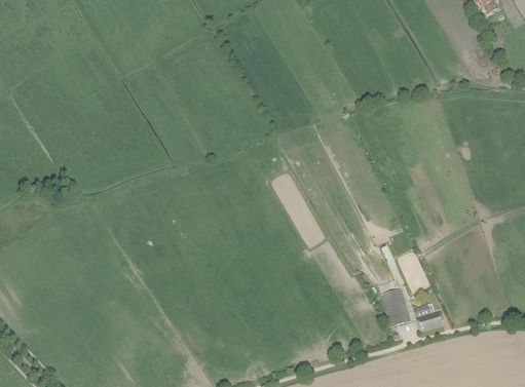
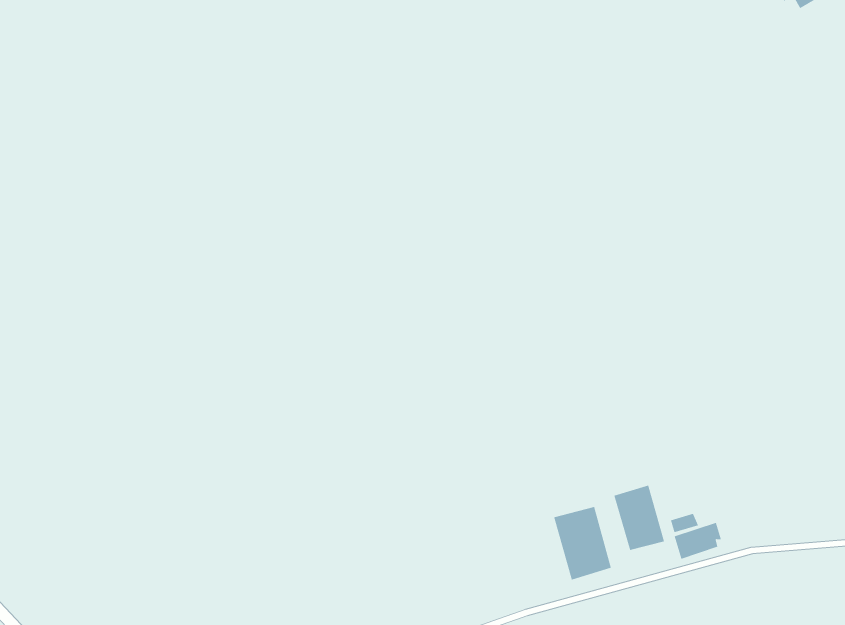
building: none -> [554,506,611,581]

